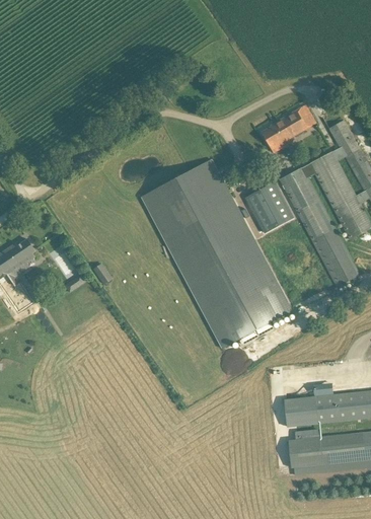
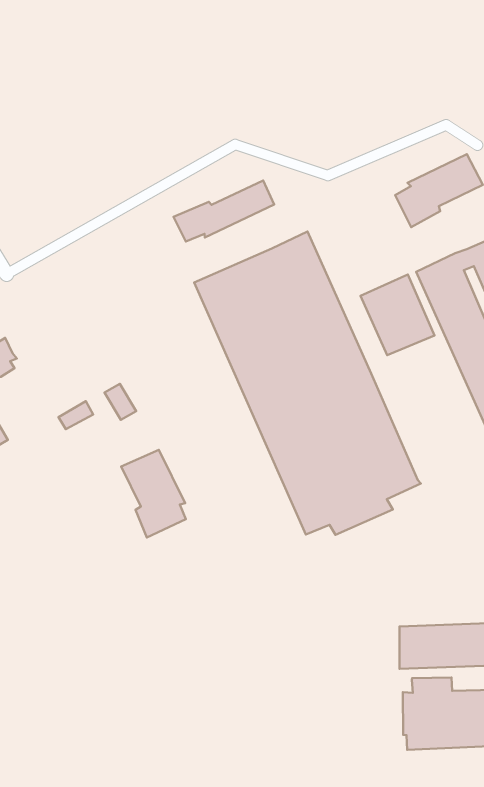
building: none -> [174,181,274,242]
building: none -> [121,450,186,537]

